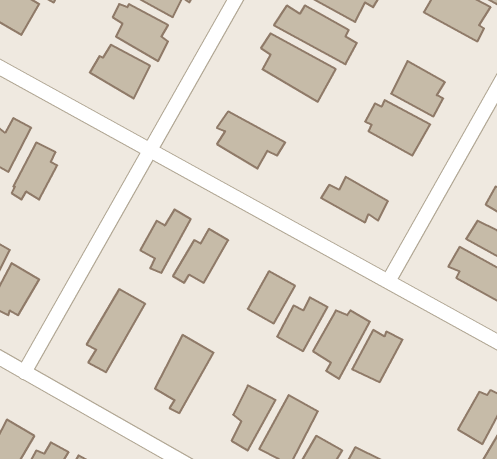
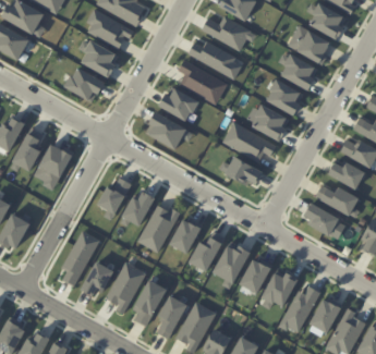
building: none -> [279,52,315,89]
building: none -> [158,87,199,120]
building: none -> [222,121,277,161]
building: none -> [33,143,74,190]
building: none -> [137,204,181,253]
building: none -> [80,260,113,295]
building: none -> [262,270,299,308]
building: none -> [133,279,167,326]
building: none -> [279,285,322,332]

